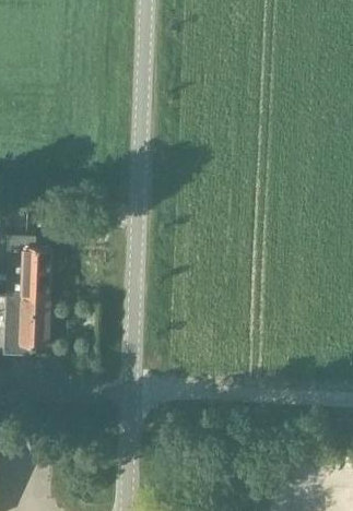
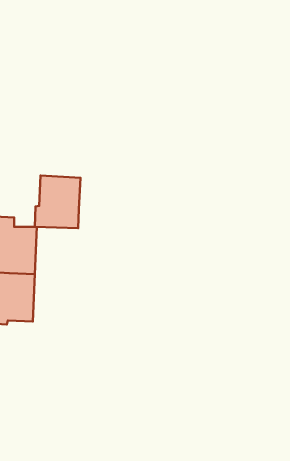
building: none -> [35,176,80,228]

